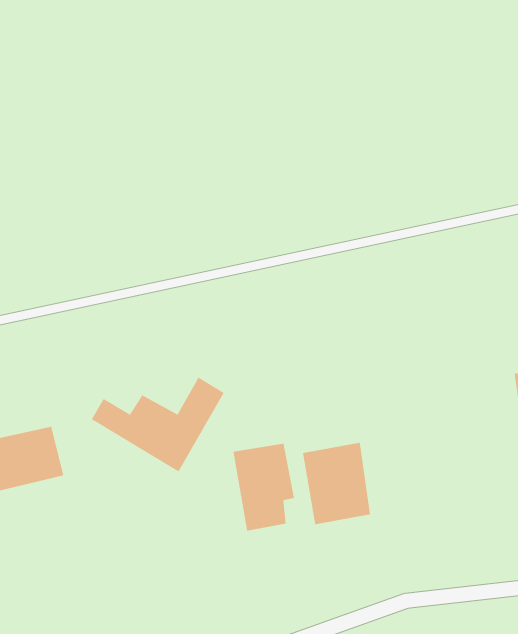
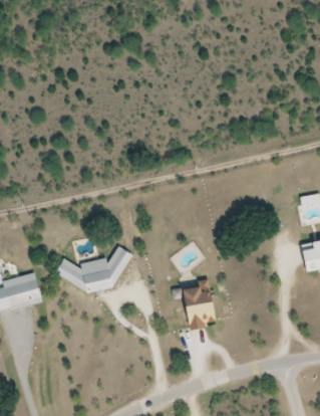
building: [233,443,294,532] -> none

